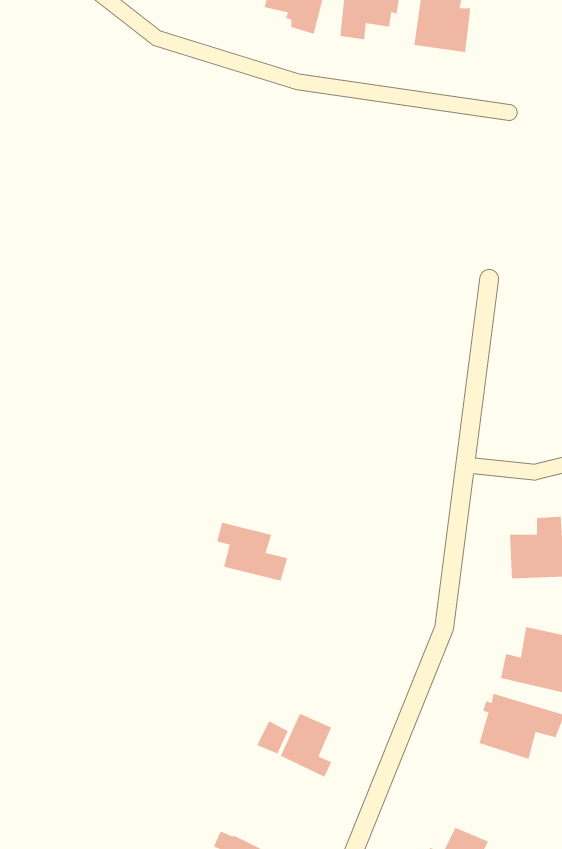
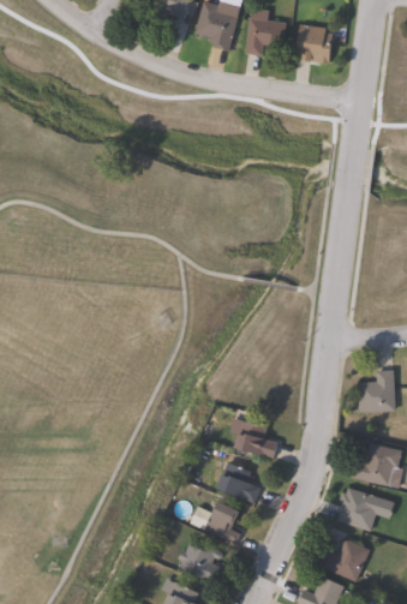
building: [216,522,288,581] -> [229,418,277,458]
building: none -> [217,461,261,503]
building: none -> [317,539,370,581]
building: none -> [178,543,225,584]

